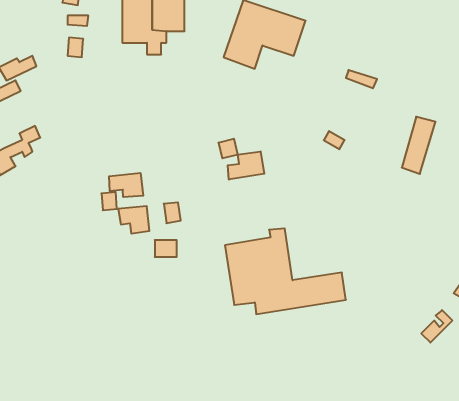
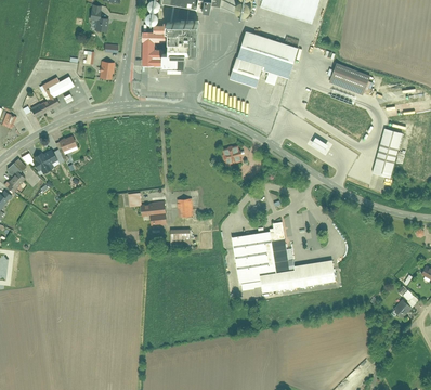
building: none -> [329,62,370,94]
building: [228,151,264,180] -> none
building: [109,173,143,197] -> none

